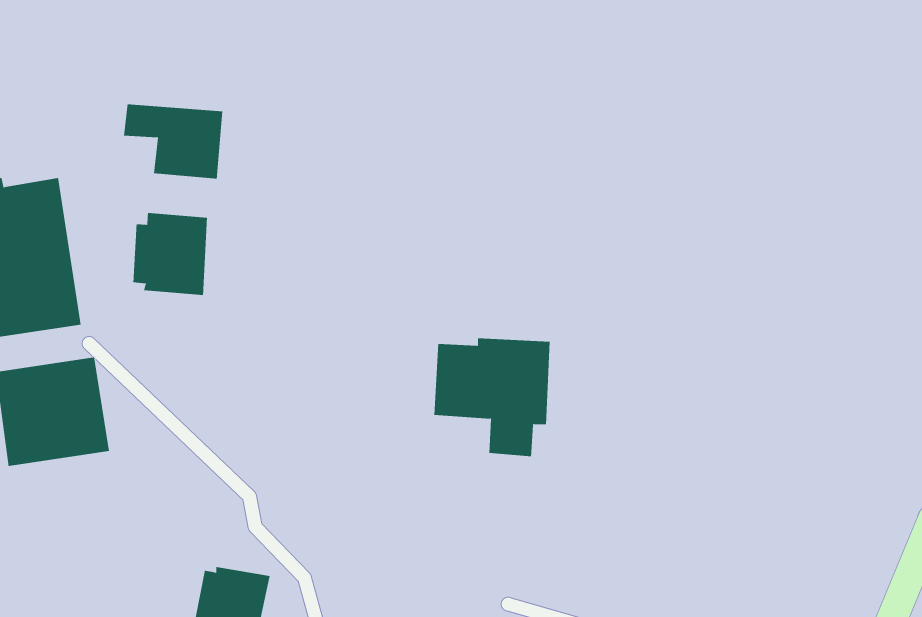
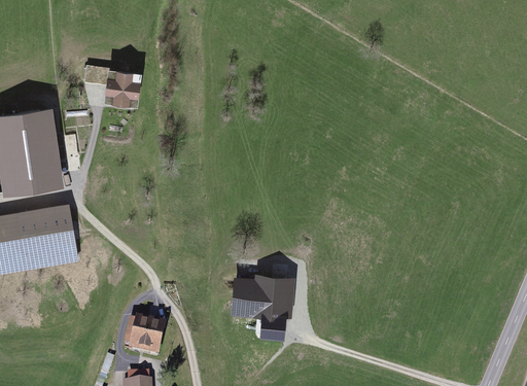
building: [133,212,207,296] -> none
building: [434,338,551,457] -> [231,275,294,340]

